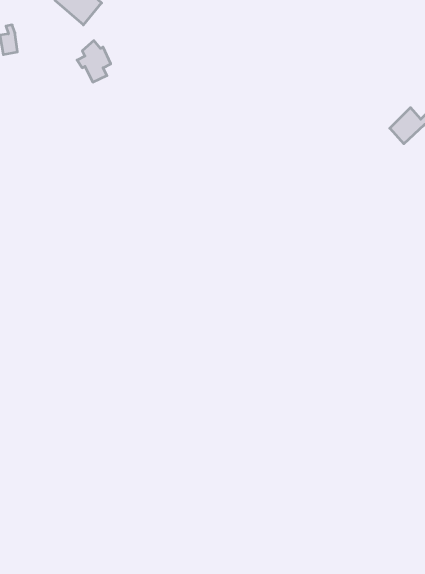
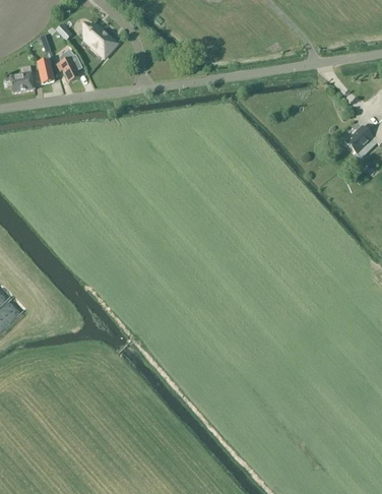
building: [77,41,111,82] -> [56,49,82,81]

